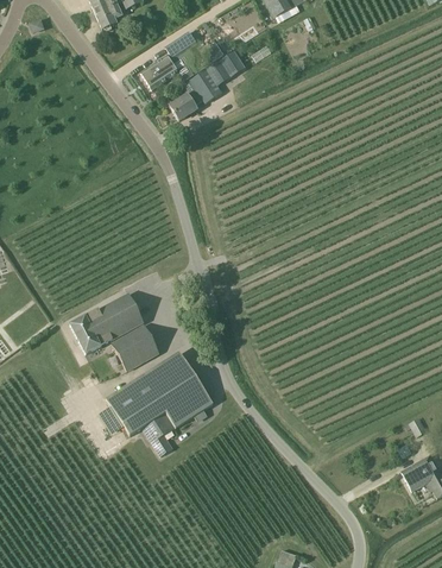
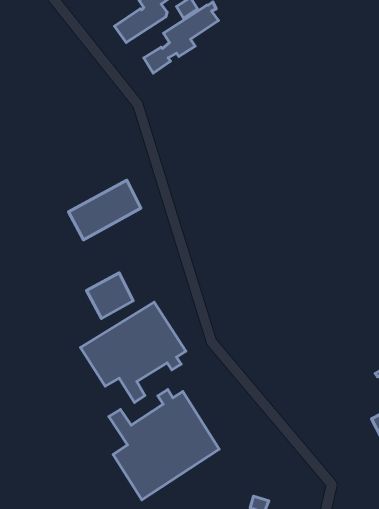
building: [69,292,143,353] -> [68,180,141,240]
building: none -> [109,389,219,500]

